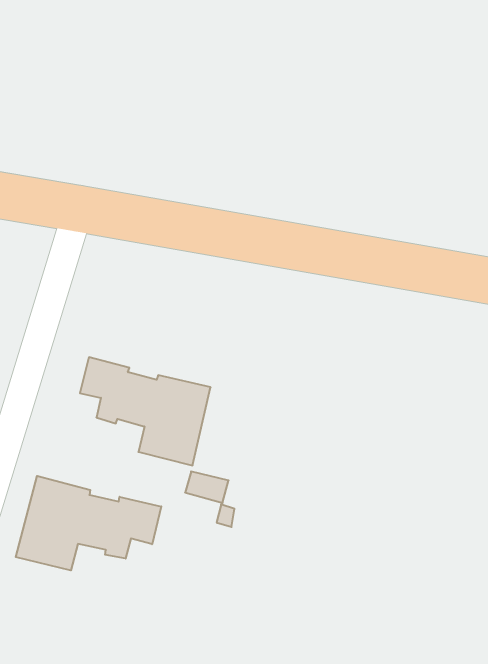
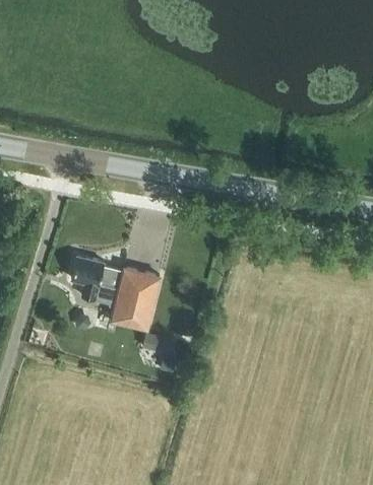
building: [16,476,161,570] -> none

